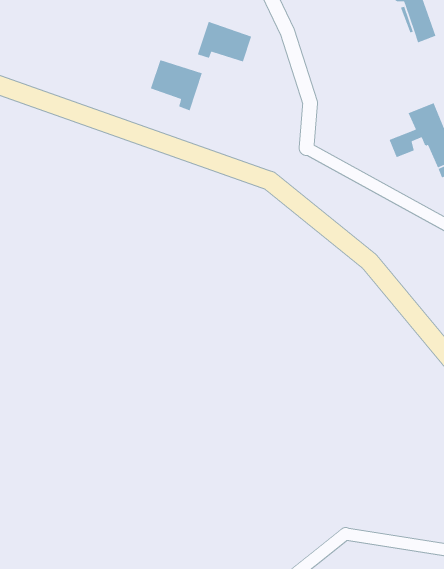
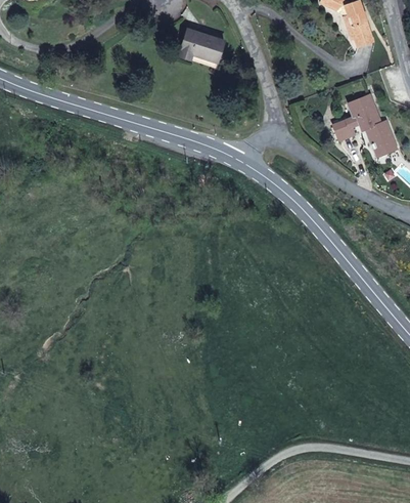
building: [150,59,203,111] -> none

